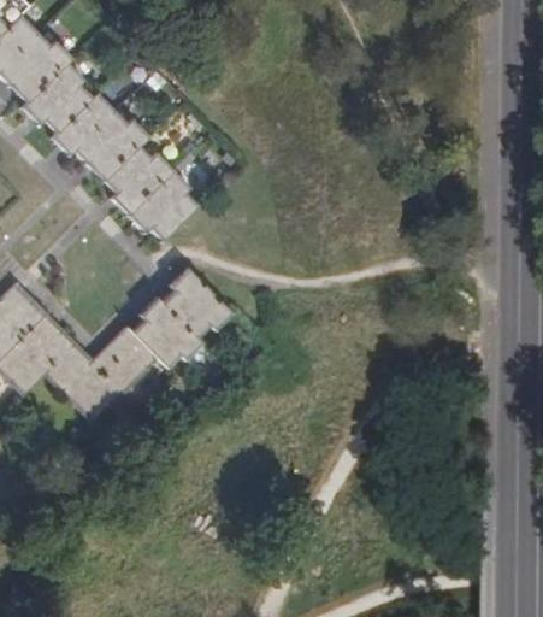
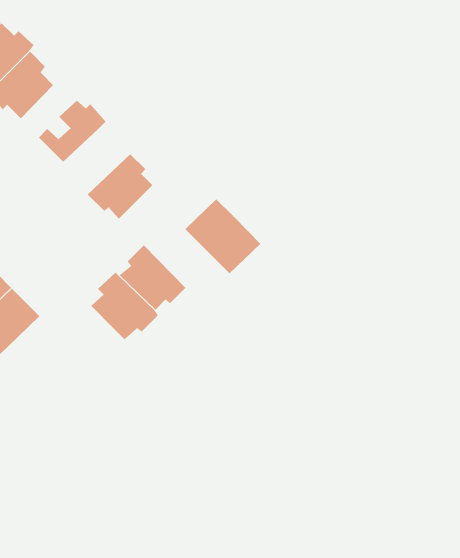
building: [52,93,116,157] -> none
building: [101,145,172,213] -> none
building: none -> [184,199,261,274]
building: [43,325,155,421] -> none

